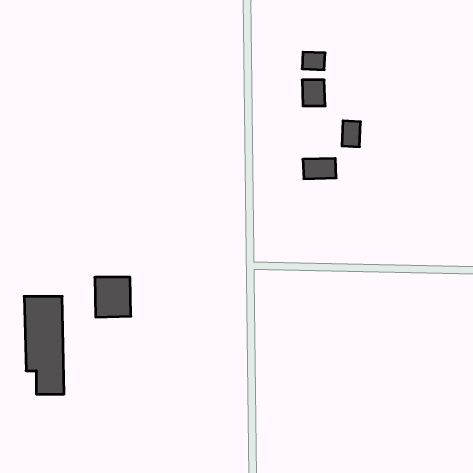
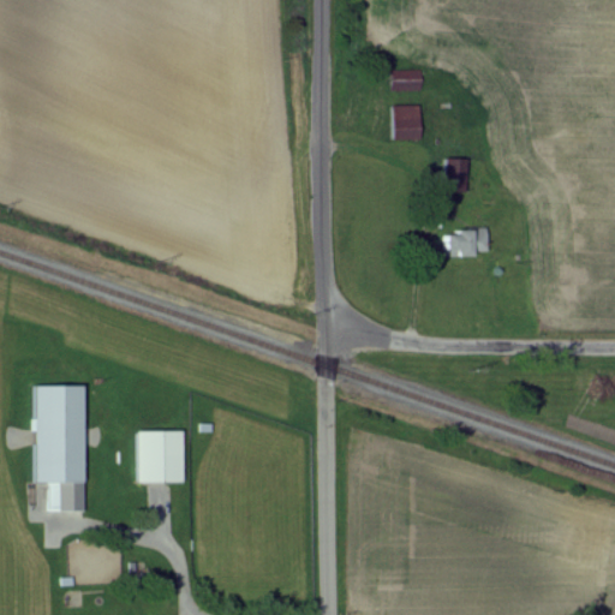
building: [303,158,336,179] -> [446,229,489,256]
building: [95,277,131,317] -> [137,431,184,483]

